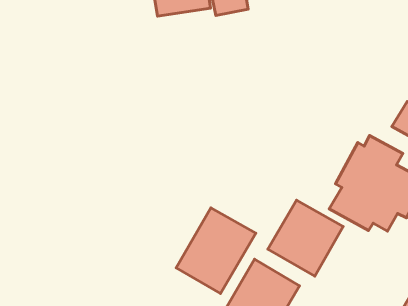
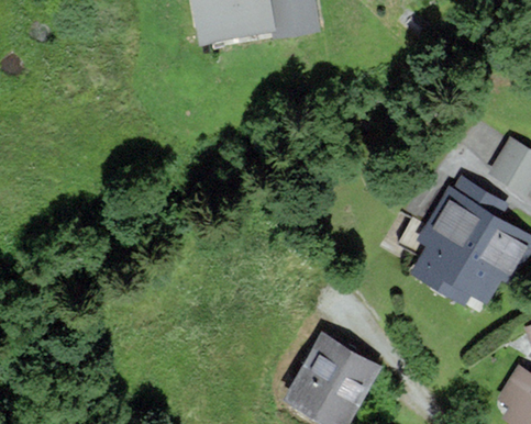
building: [268,200,343,276] -> none
building: [176,208,256,294] -> none

